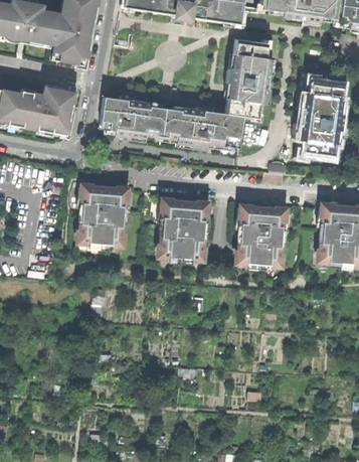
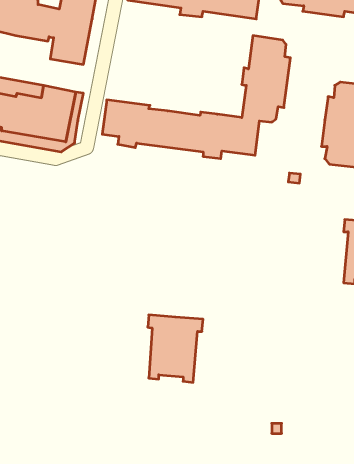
building: [78,185,129,246] -> none
building: [159,199,209,261] -> [148,315,203,382]
building: [237,205,287,267] -> none

